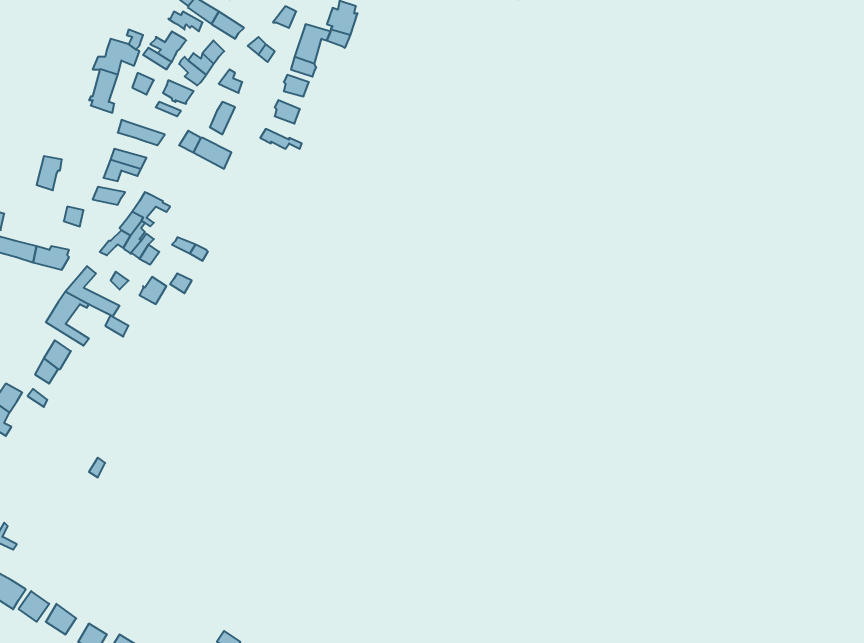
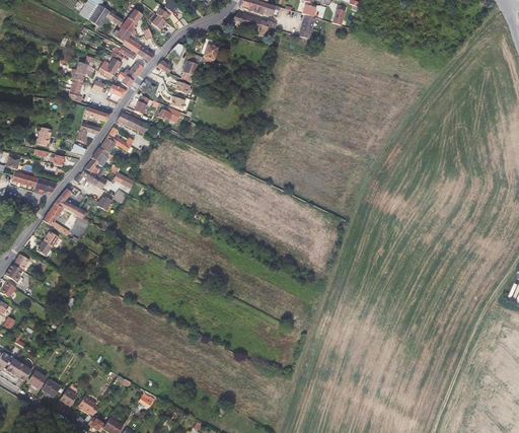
building: none -> [100,127,133,154]

